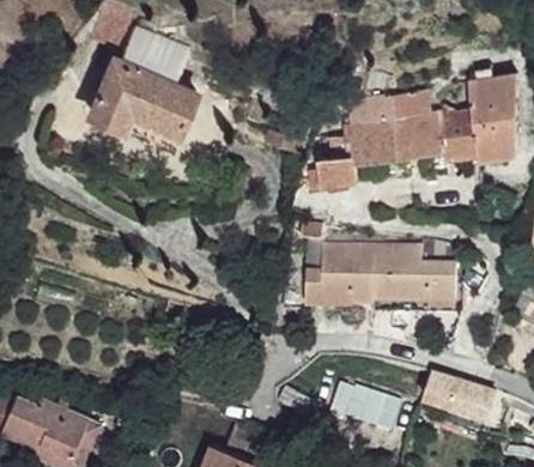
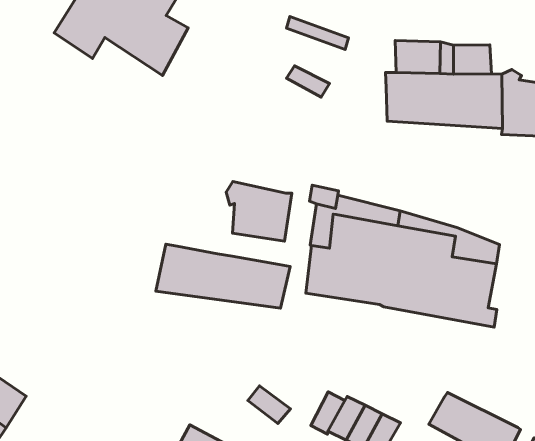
building: [310,137,356,188] -> none
building: none -> [226,181,292,241]
building: none -> [156,244,290,308]

